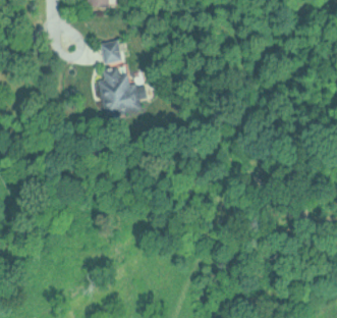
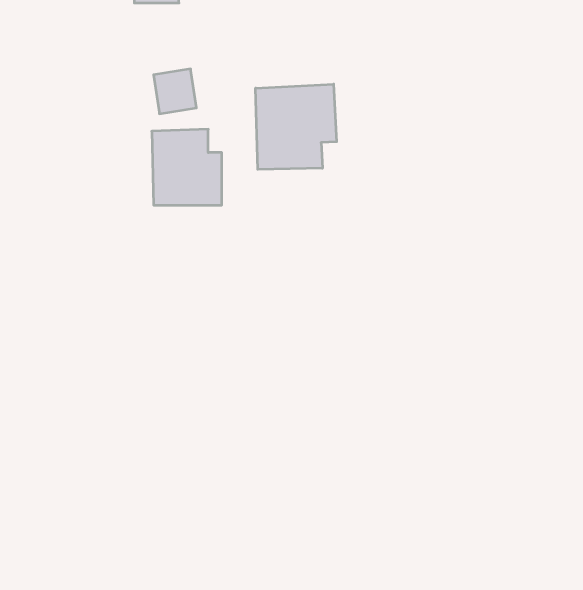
building: none -> [256,84,337,169]

